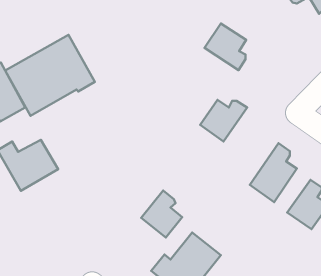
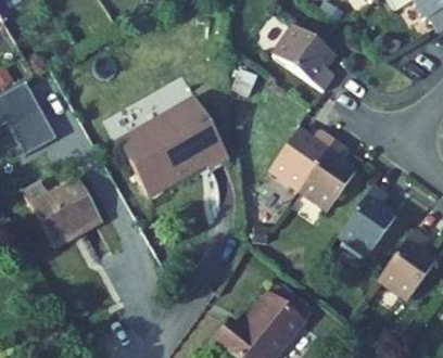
building: [5,35,95,116] -> [116,97,228,197]
building: none -> [305,138,356,201]
building: [141,191,182,237] -> none

